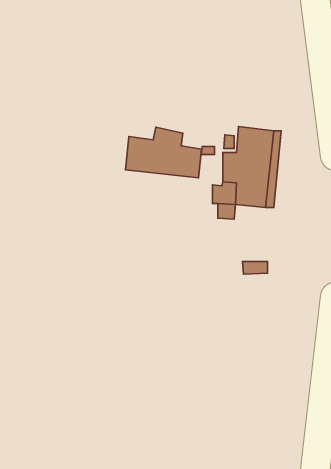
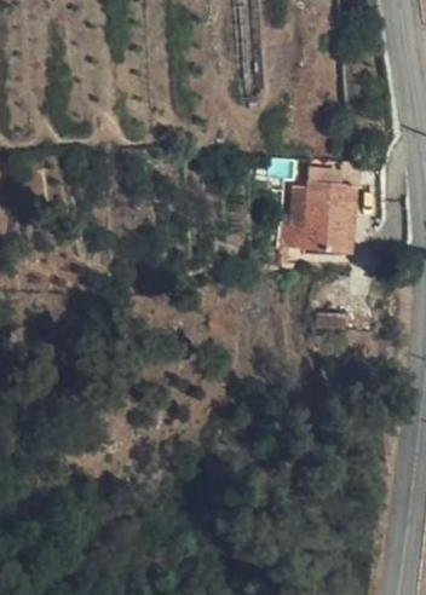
building: [125,127,202,178] -> none

